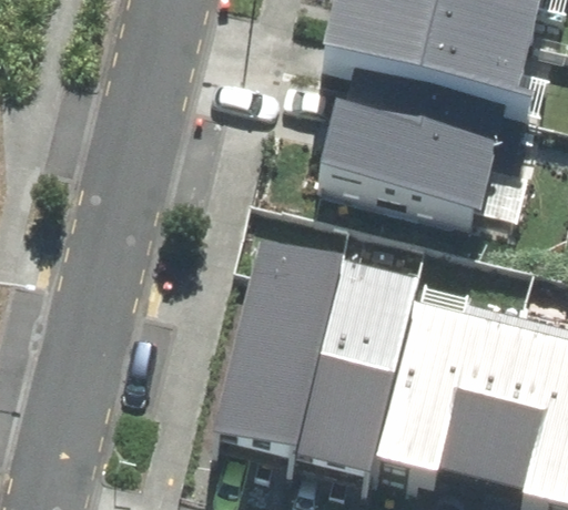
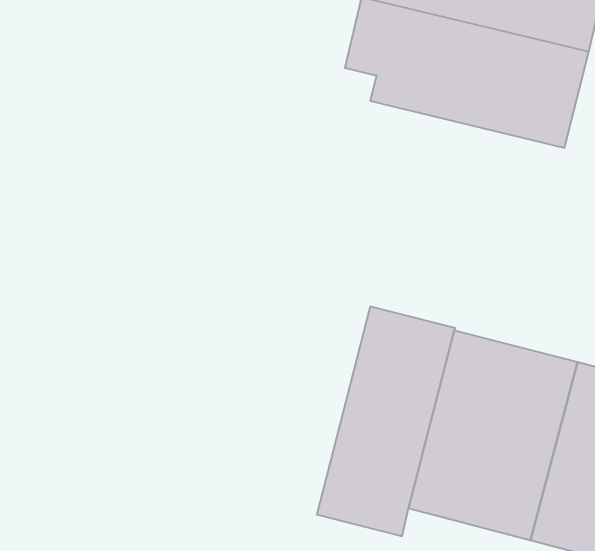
building: [320,94,509,220] -> none
building: [213,254,339,456] -> none

